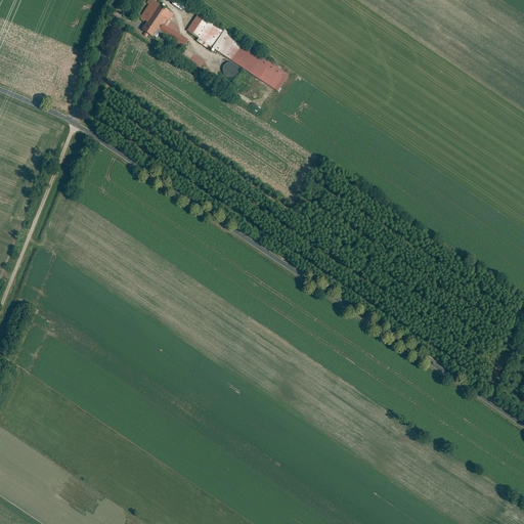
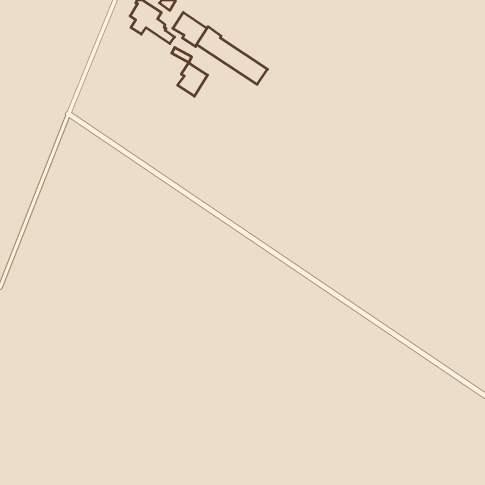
building: none -> [178,63,208,96]

